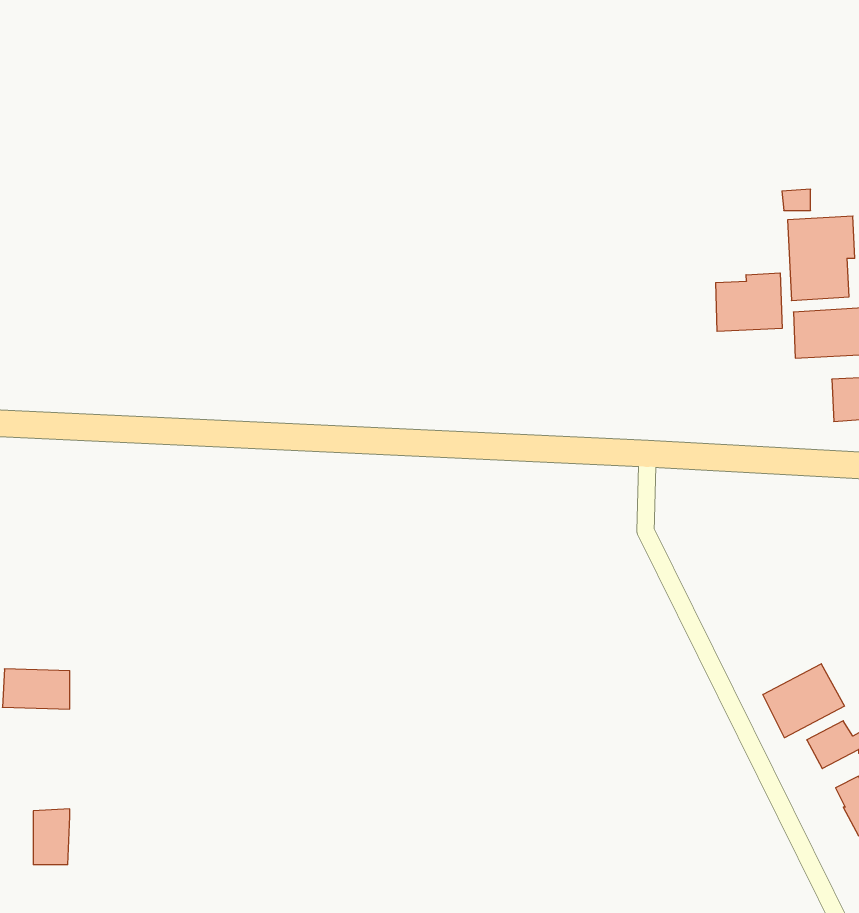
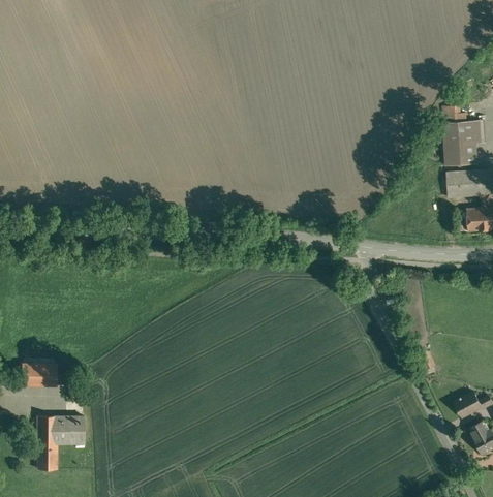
building: [716,273,782,331] -> none
building: [763,664,844,738] -> none
building: none -> [36,417,84,444]

